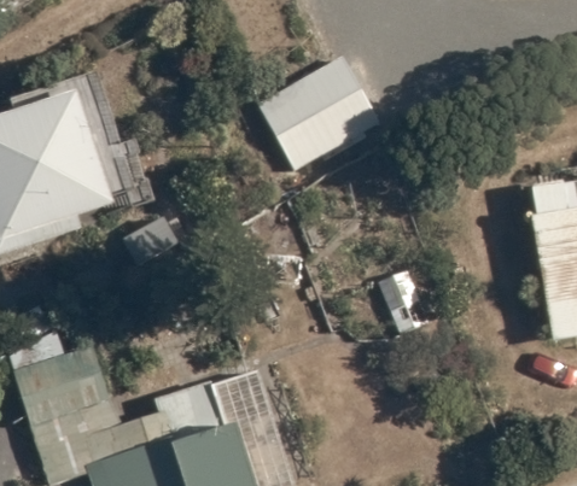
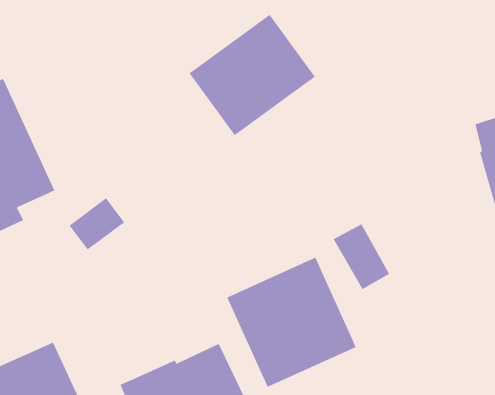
building: none -> [226,257,357,388]

